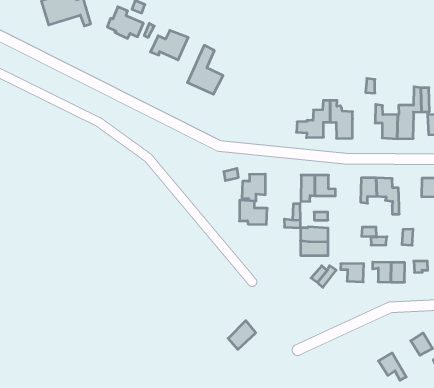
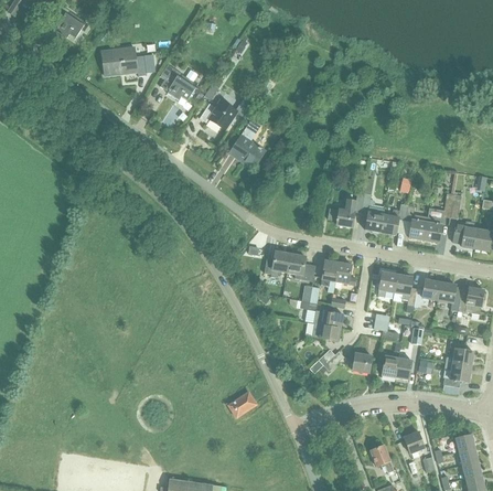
building: none -> [379,202,407,235]
building: none -> [414,278,440,306]
building: [239,200,267,224] -> [287,253,315,280]

